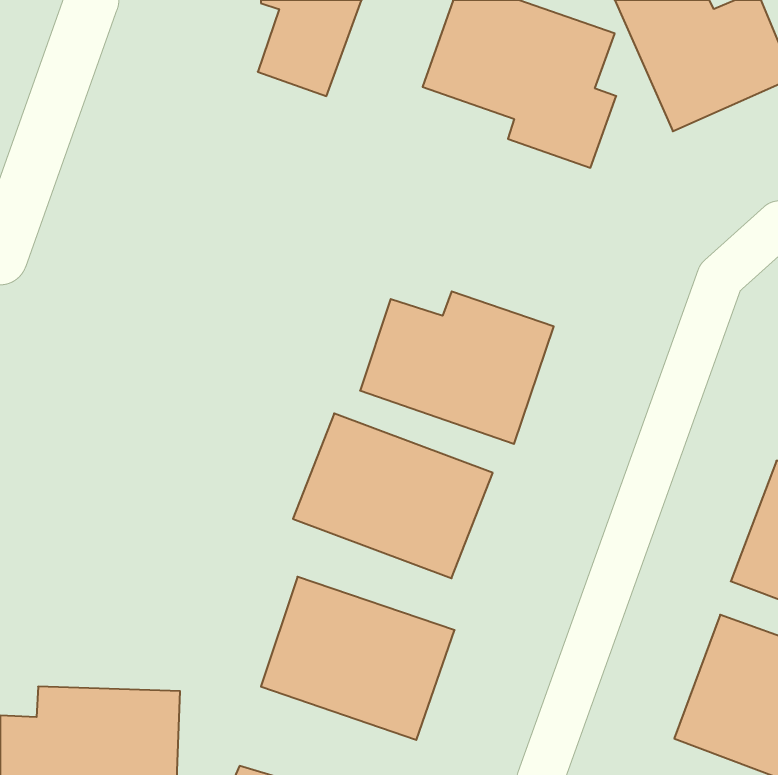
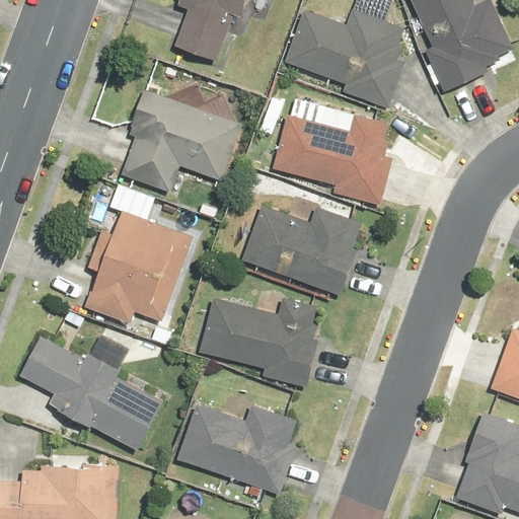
building: none -> [109,88,242,195]
building: none -> [271,112,406,209]
building: none -> [80,208,199,324]
building: none -> [18,330,168,454]

